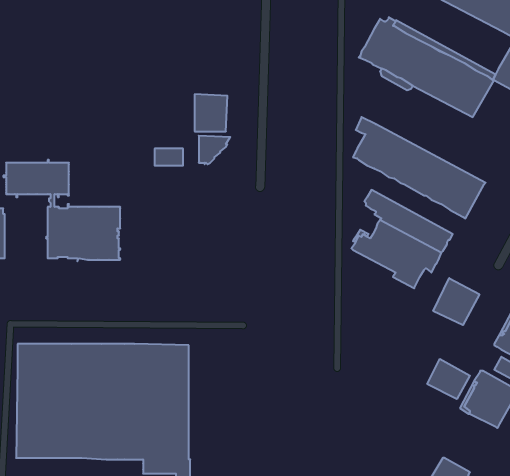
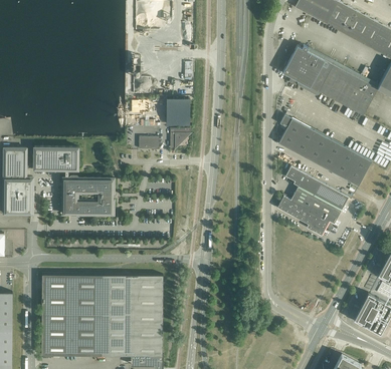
building: [433,278,479,325] -> none
building: [427,359,470,399] -> none

